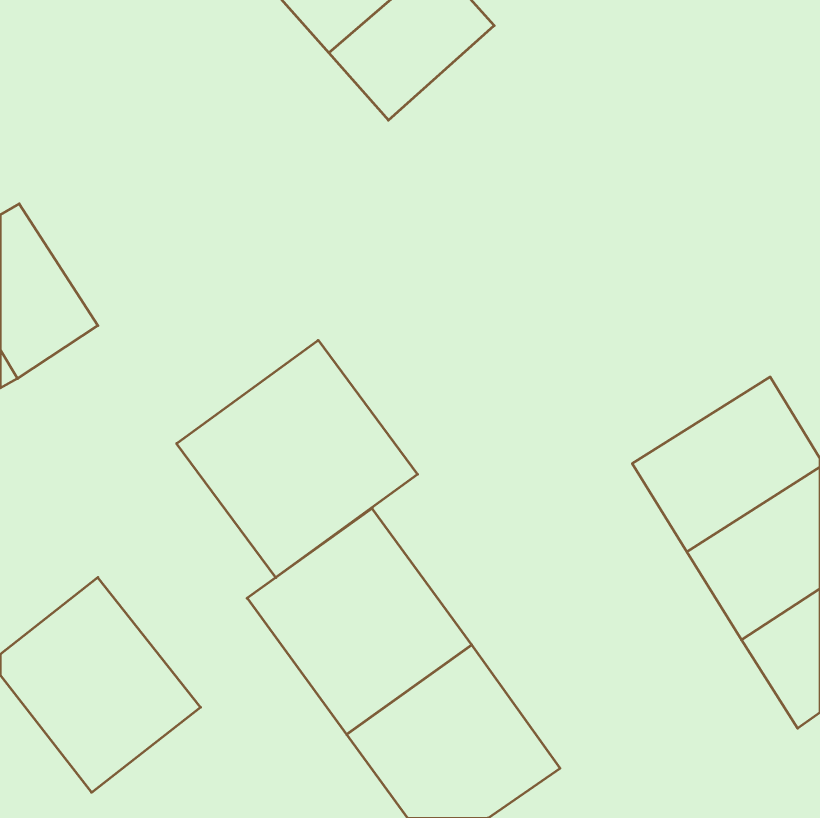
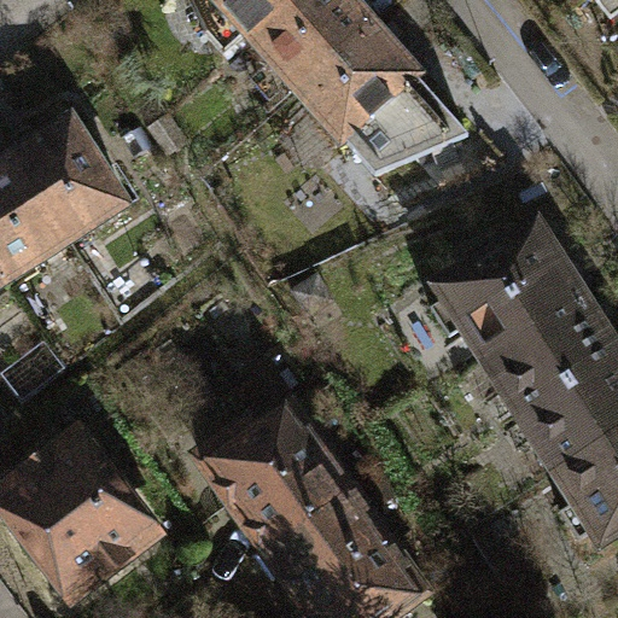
building: none -> [292,19,432,147]
building: none -> [14,115,135,245]
building: none -> [433,218,579,349]
building: [177,340,418,578] -> none

